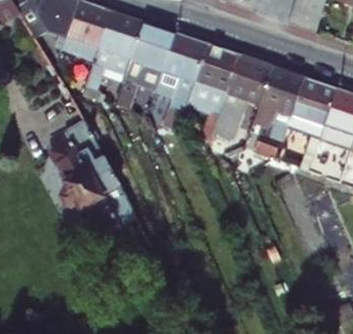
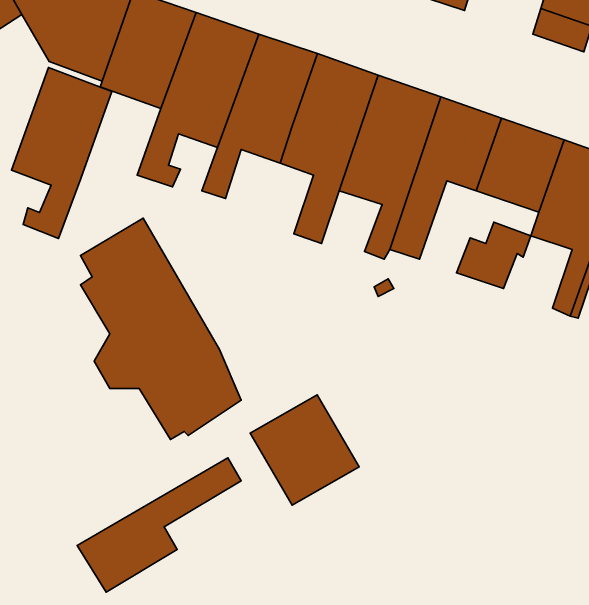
building: none -> [11,67,112,238]
building: none -> [250,395,359,505]
building: none -> [77,458,241,592]

